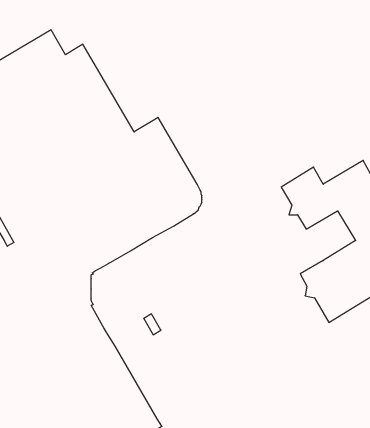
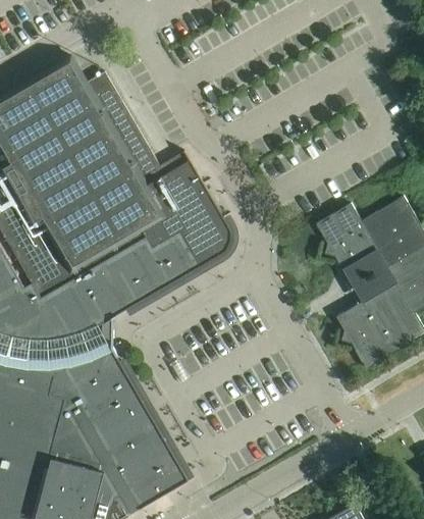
building: none -> [342,250,395,303]

